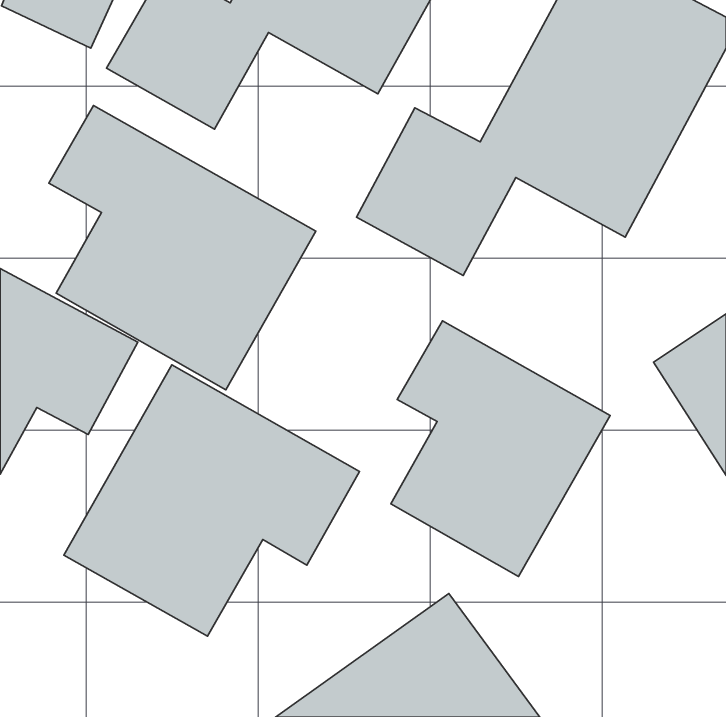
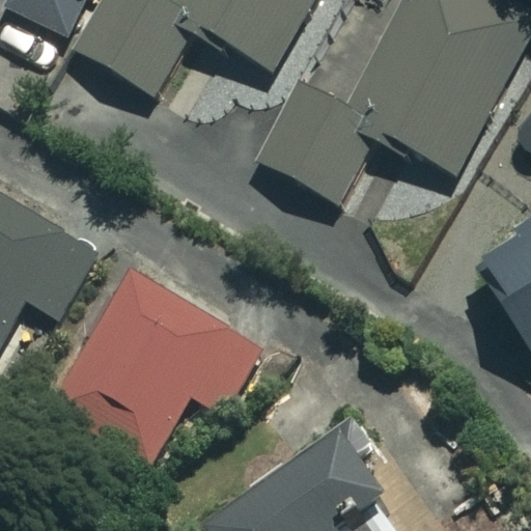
building: [49,106,316,390] -> none
building: [391,321,610,577] -> none

